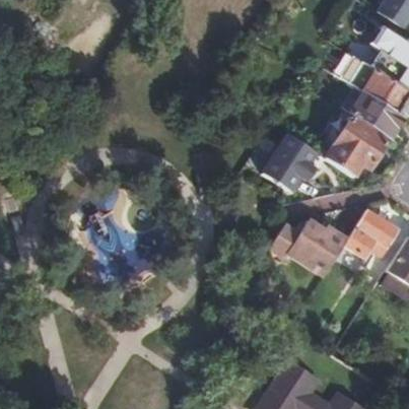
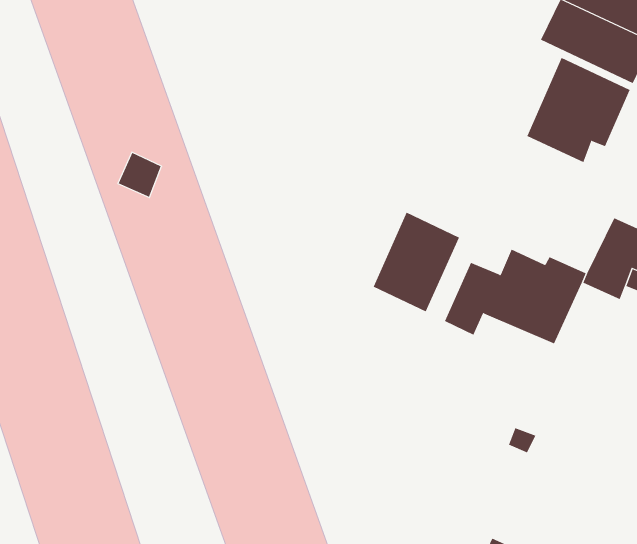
building: [267,134,319,191] -> [373,212,460,312]

